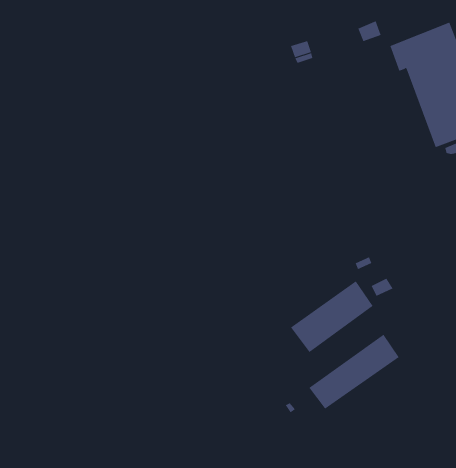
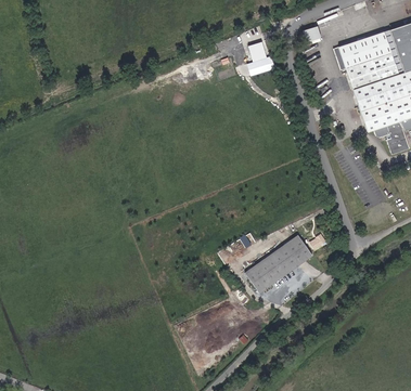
building: [309,334,400,410] -> none

